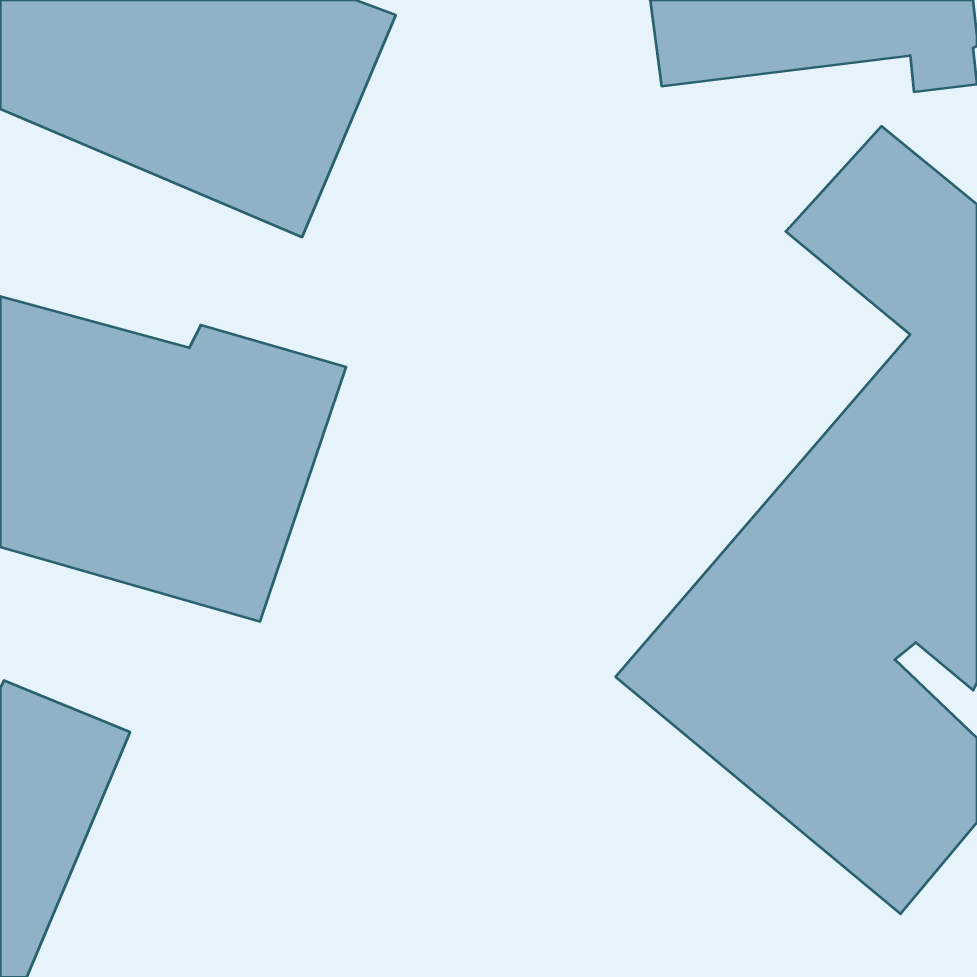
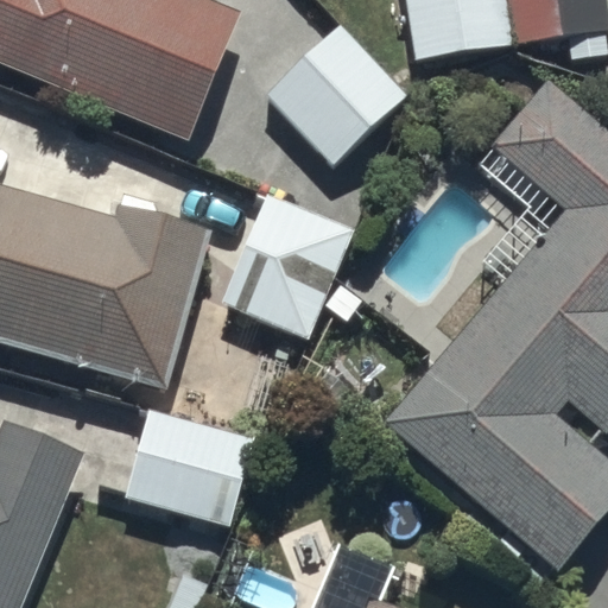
building: none -> [262,24,403,163]
building: none -> [218,191,350,334]
building: none -> [122,406,254,525]

